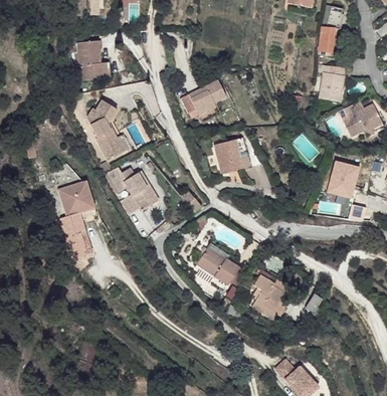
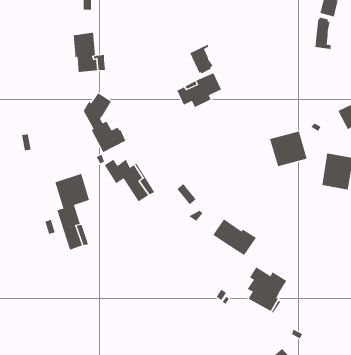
building: none -> [190,44,213,74]
building: [318,64,346,101] -> none
building: [213,137,251,173] -> [269,131,308,167]
building: [196,247,240,284] -> [212,219,257,256]

